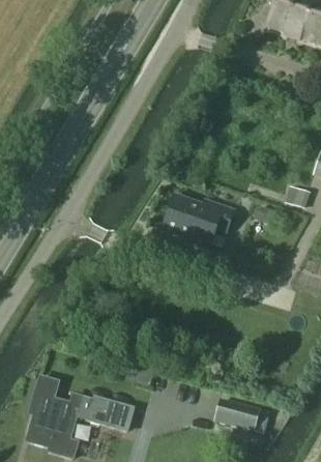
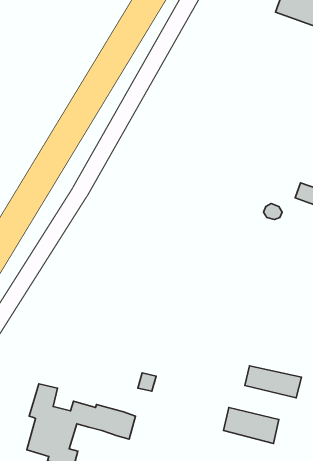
building: [163,196,233,250] -> none
building: none -> [245,366,301,398]

